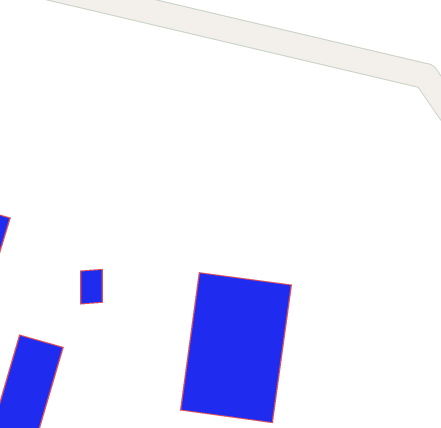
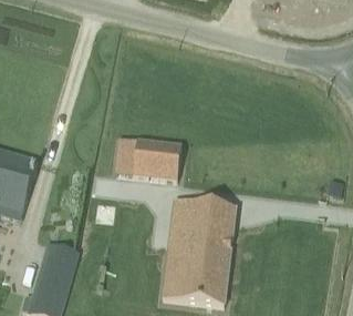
building: none -> [117,139,165,172]

